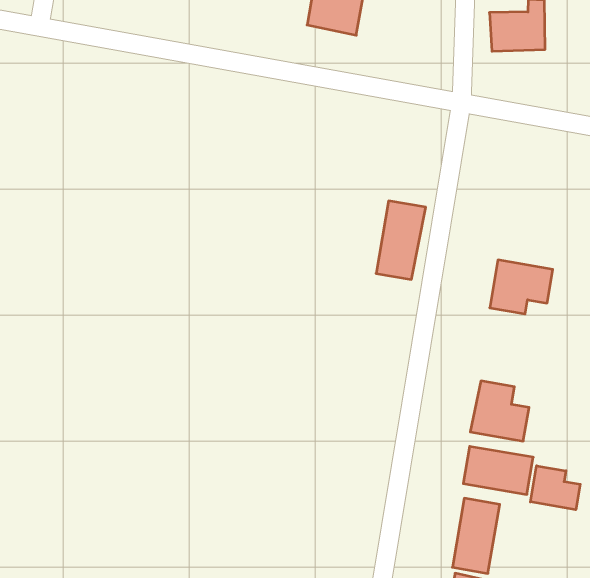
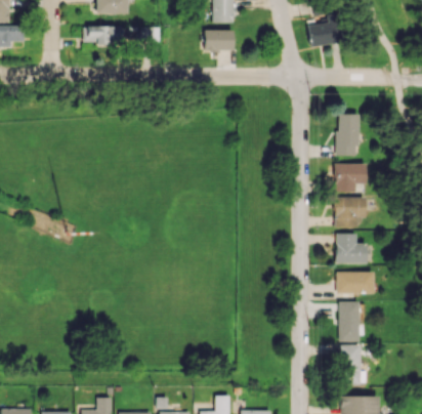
building: [376,201,426,279] -> [337,114,358,156]
building: none -> [335,198,366,227]
building: [530,466,580,510] -> none

